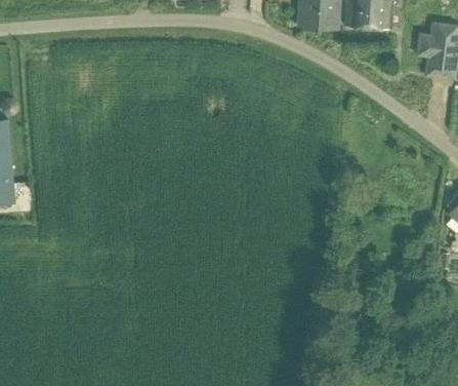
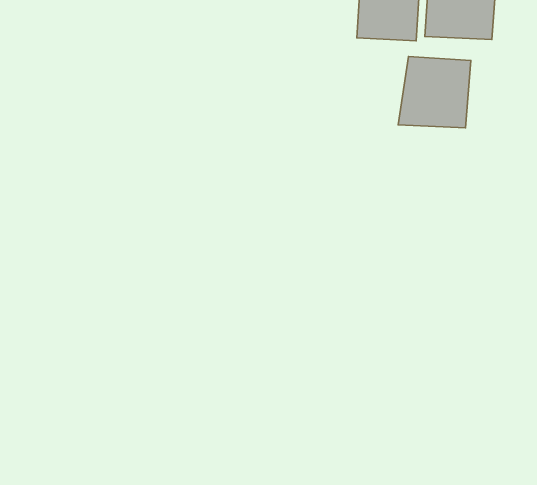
building: none -> [398,57,471,128]

